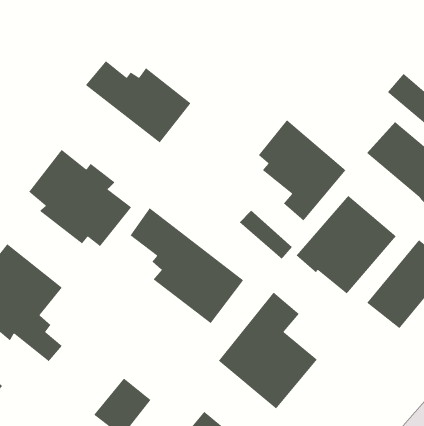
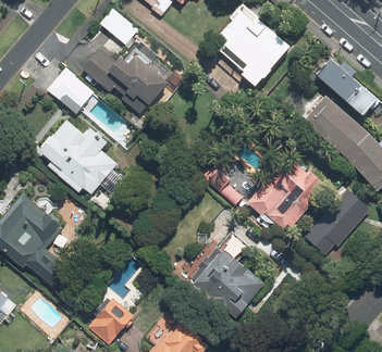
building: none -> [102,5,140,41]
building: none -> [50,63,99,111]
building: [258,119,346,222] -> [218,7,287,87]
building: [129,207,244,324] -> none

